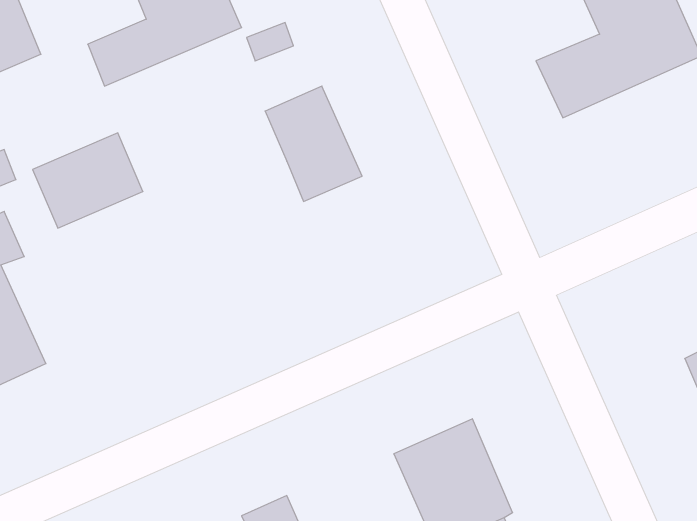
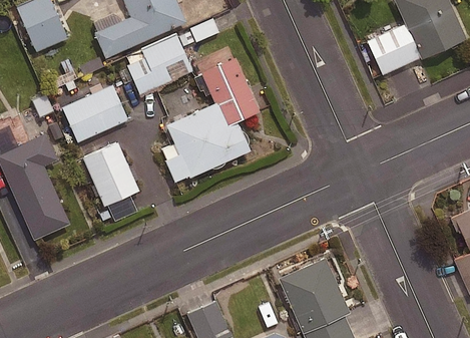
building: none -> [126,34,193,95]
building: none -> [161,102,251,183]
building: none -> [82,142,140,207]

